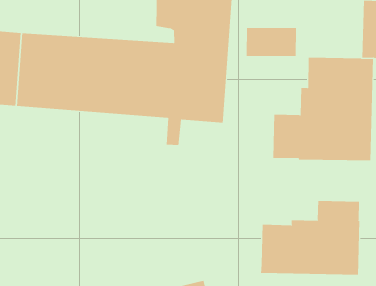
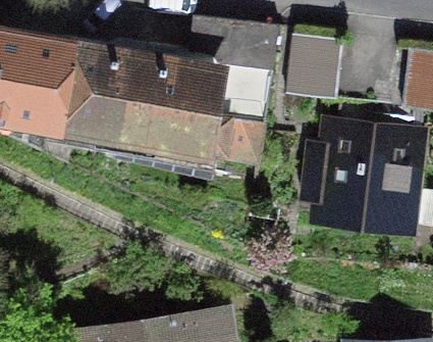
building: [261,200,360,275] -> none

